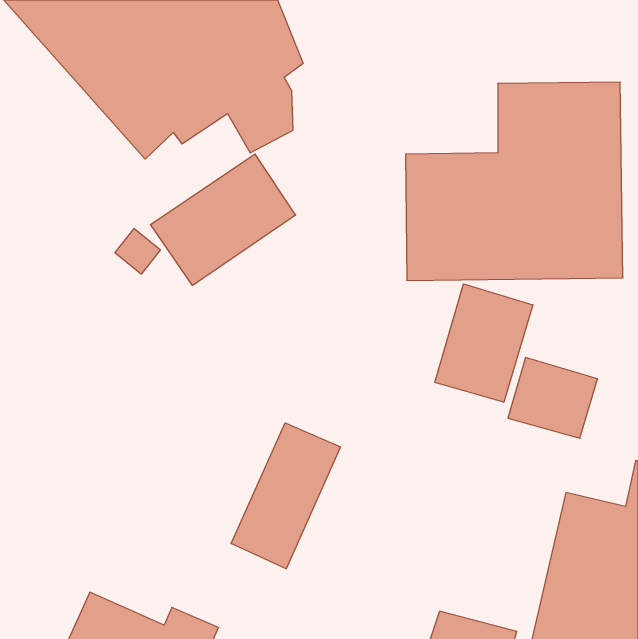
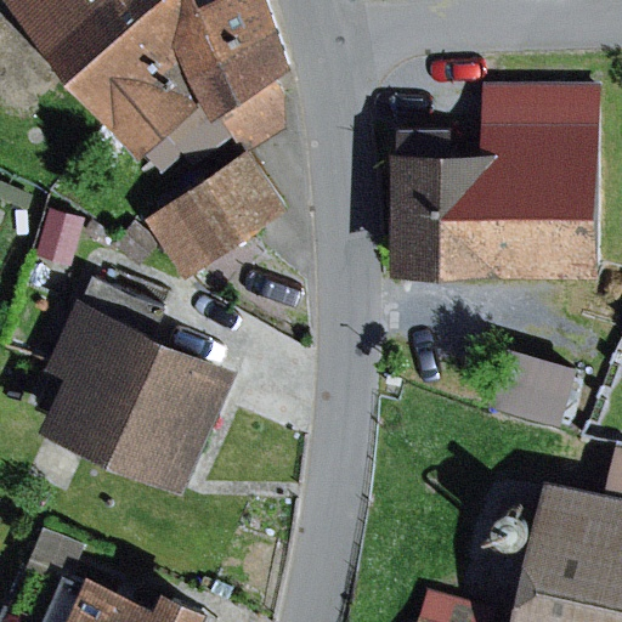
building: [435,284,533,402] -> none
building: none -> [41,301,237,491]
building: [231,423,340,569] -> none

